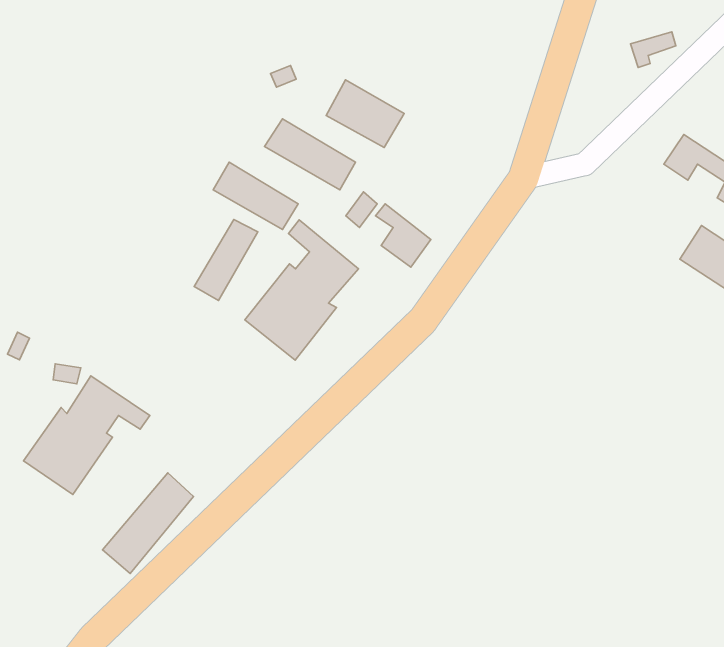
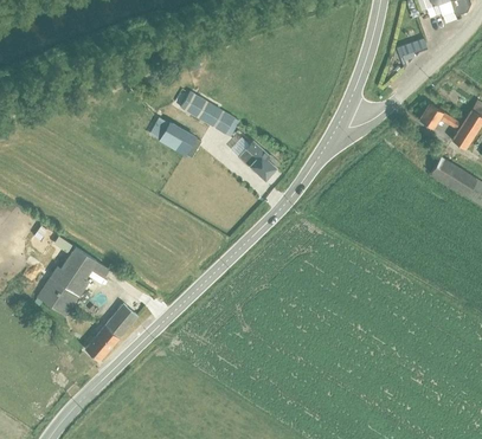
building: [326,80,404,148] -> none
building: [194,220,258,300] -> none
building: [245,220,359,360] -> none

